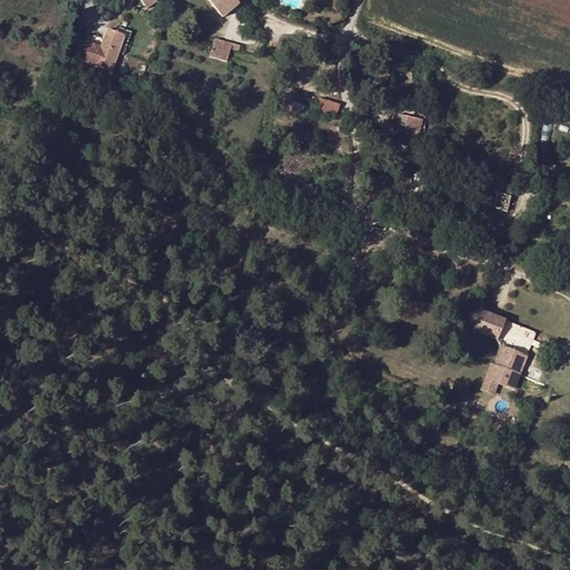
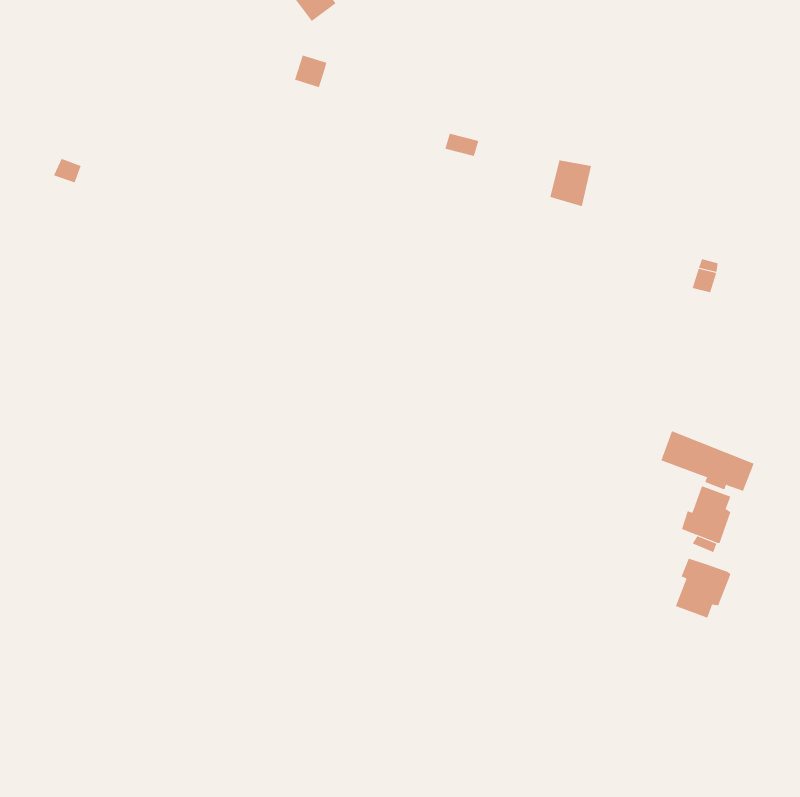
building: [96,27,124,69] -> none
building: none -> [675,558,731,618]

